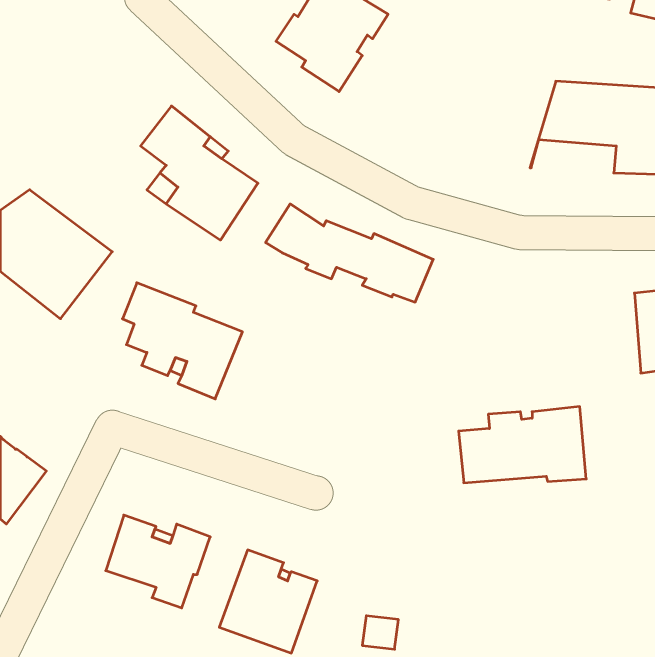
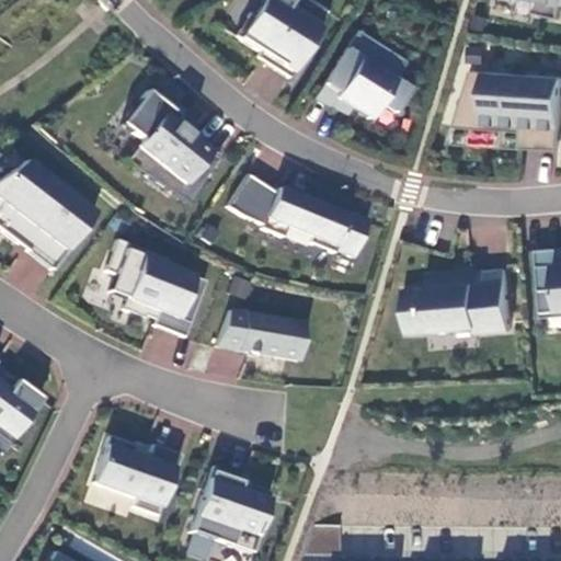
building: none -> [319,28,413,118]
building: none -> [218,310,308,360]
building: [459,407,586,483] -> [408,267,516,332]

